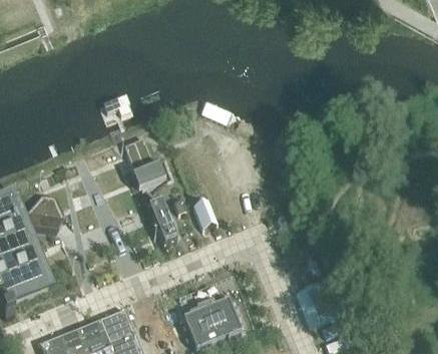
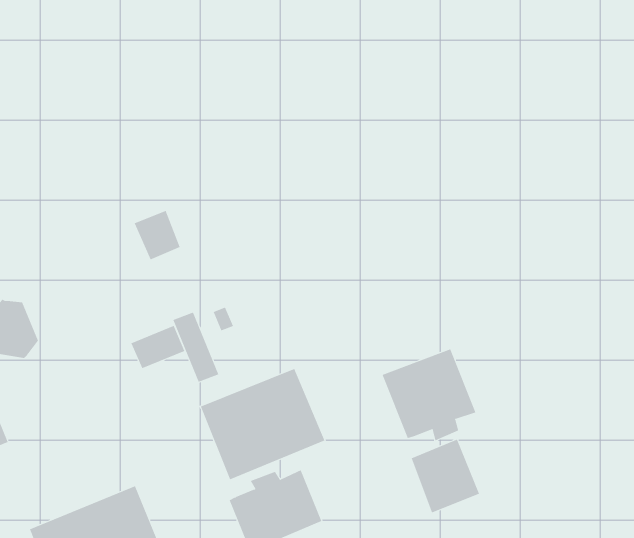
building: [134,162,168,190] -> [131,325,185,369]
building: none -> [382,348,476,441]
building: none -> [200,368,325,480]

